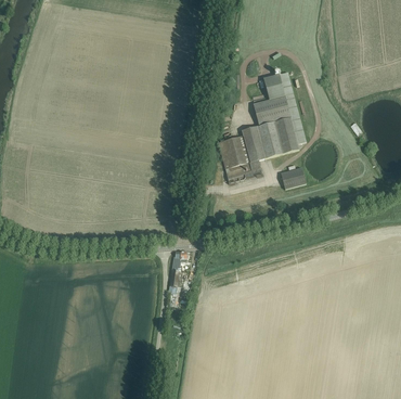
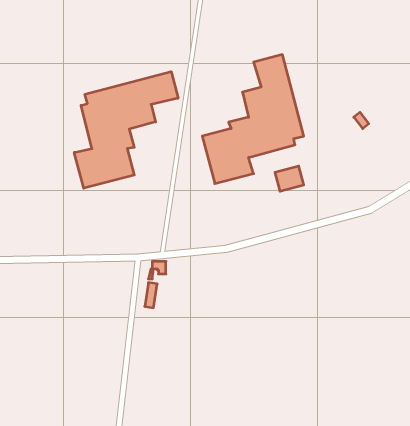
building: none -> [74,72,178,188]

